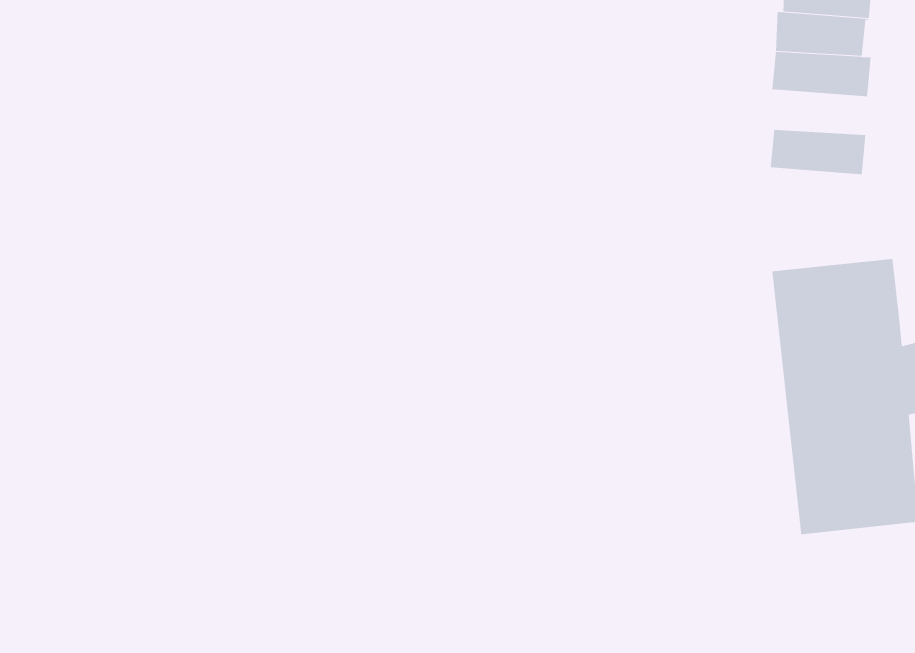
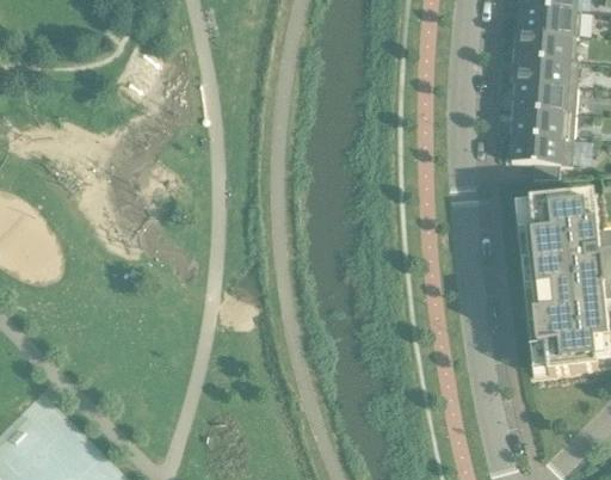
building: none -> [514,78,578,107]
building: none -> [512,129,574,174]

